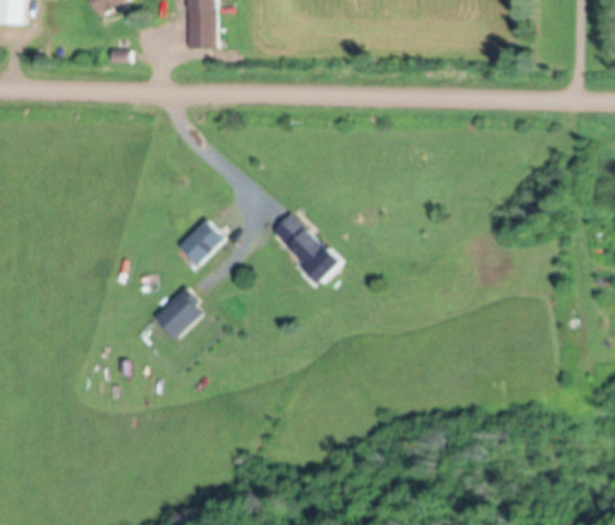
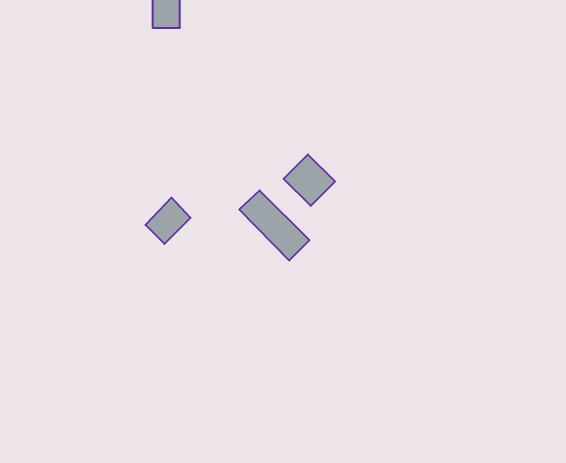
building: none -> [284,154,335,206]
building: [154,290,204,340] -> none

